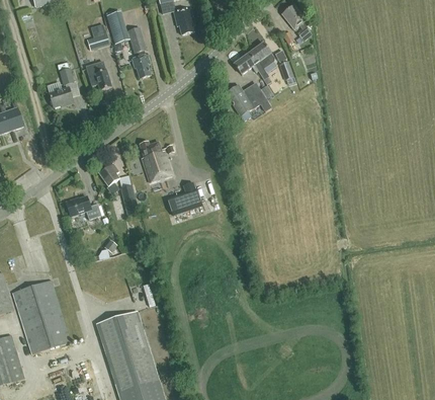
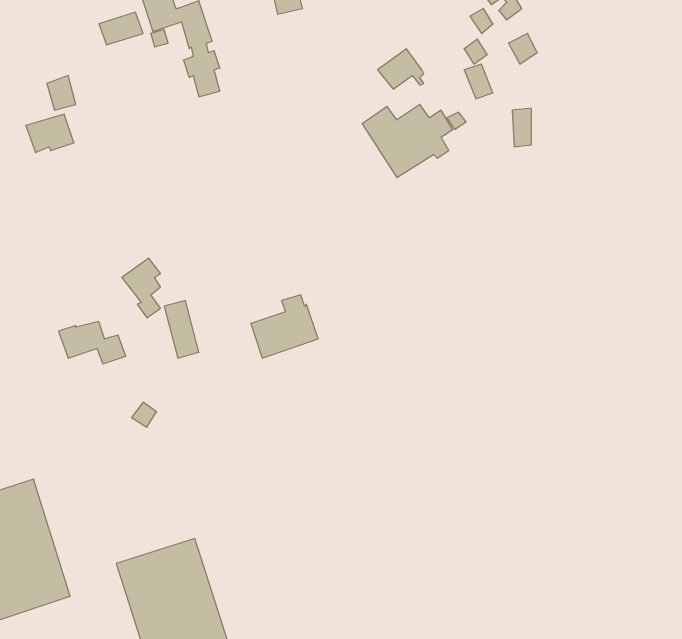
building: [248,43,273,79] -> none
building: [85,61,110,90] -> none
building: [139,141,171,181] -> none

